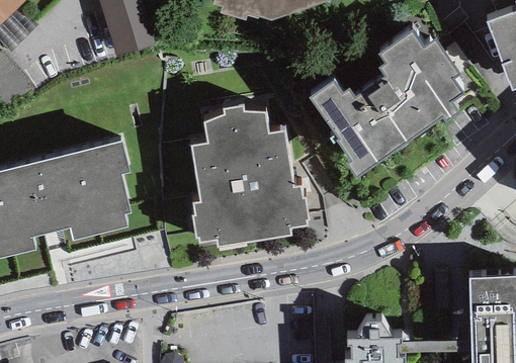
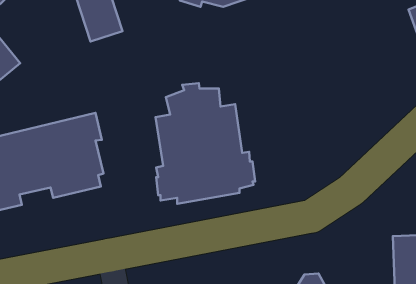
building: [309,25,463,173] -> none

